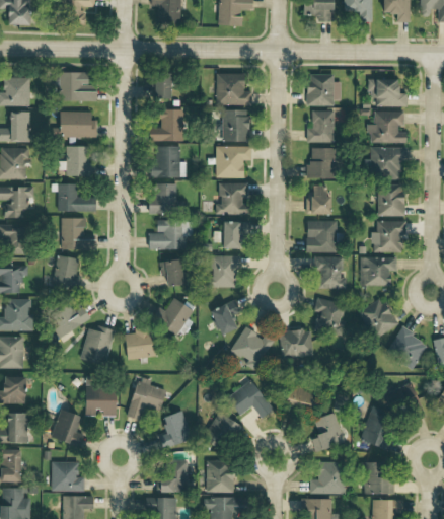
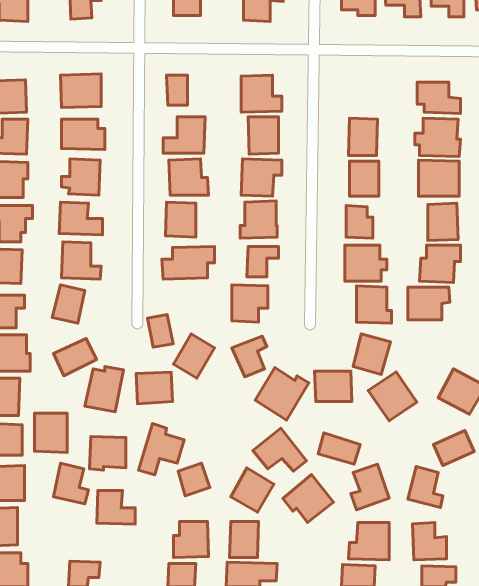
building: [307,75,342,106] -> none
building: [161,258,183,287] -> [147,315,173,347]
building: [356,298,398,341] -> [368,372,417,421]
building: none -> [35,413,67,453]
building: none -> [283,474,333,522]
building: [51,462,84,492] -> [97,490,135,524]

